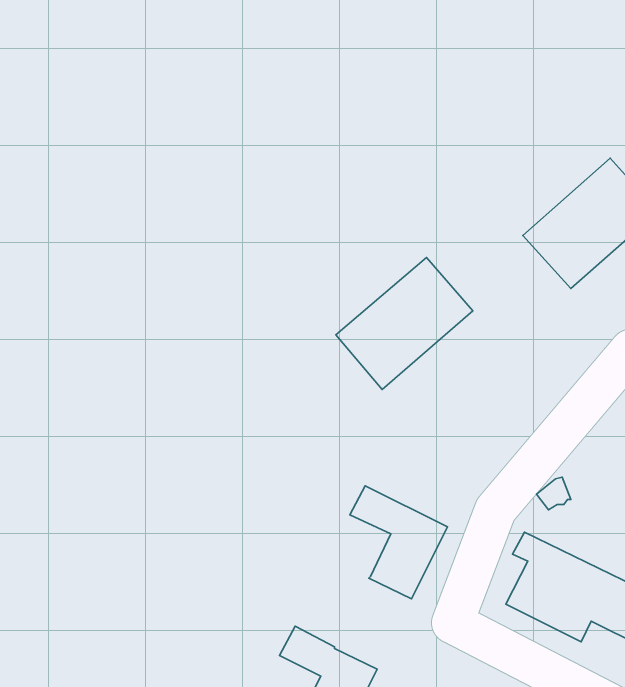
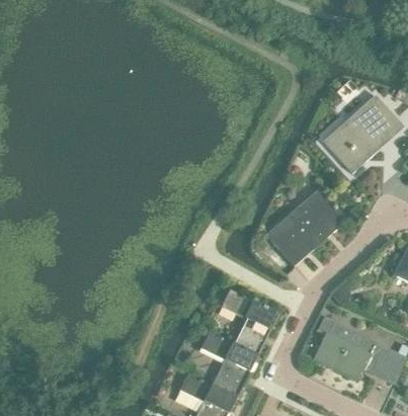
building: [336,258,473,390] -> [265,188,346,266]
building: none -> [200,331,257,398]

